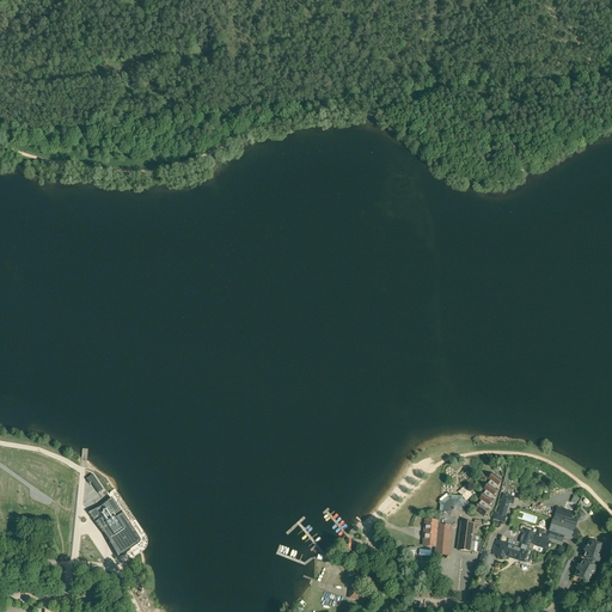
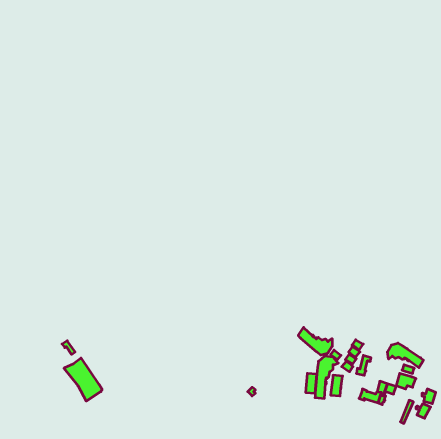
building: none -> [298,327,332,355]
building: none -> [387,343,423,368]

